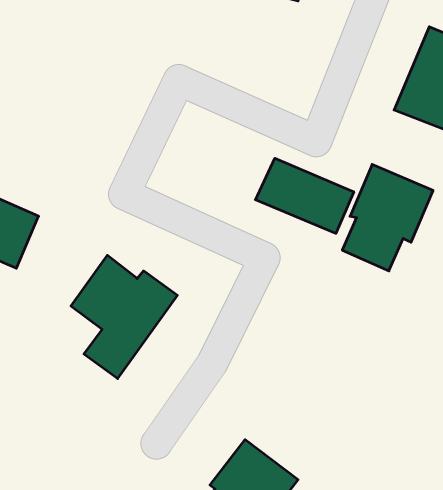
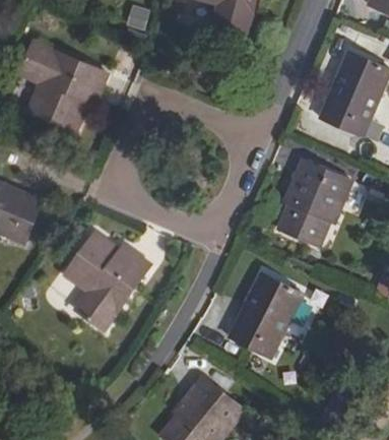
building: none -> [20,42,107,128]
building: [255,158,354,233] -> none
building: none -> [229,272,302,356]

